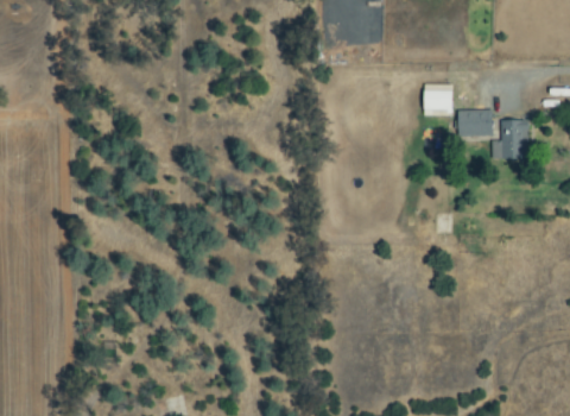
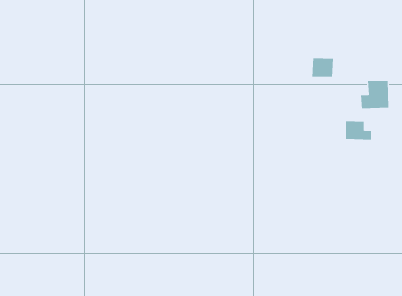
building: [458,109,494,135] -> [345,121,372,140]

